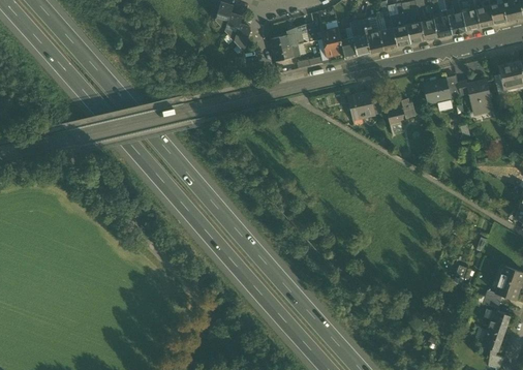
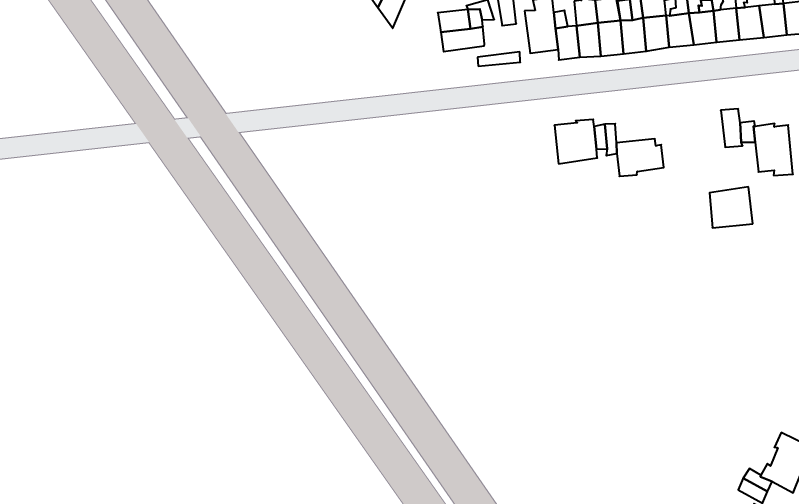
building: [423,76,451,103] -> [710,187,753,228]

